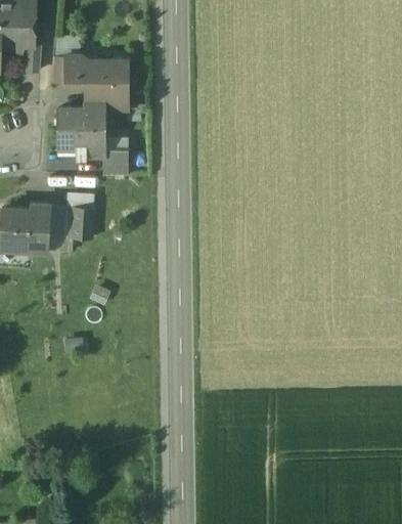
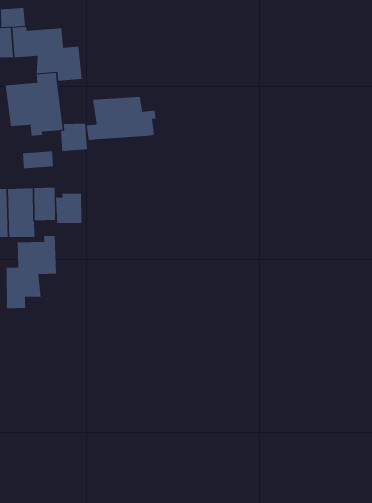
building: none -> [86,96,156,141]
building: none -> [56,193,82,224]
building: none -> [6,235,56,309]

